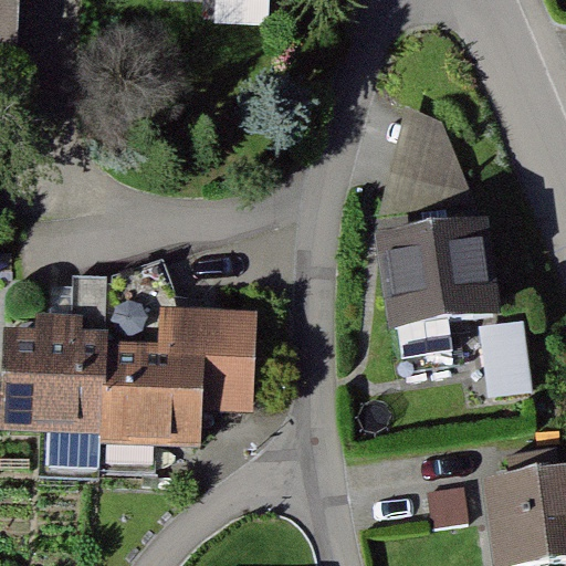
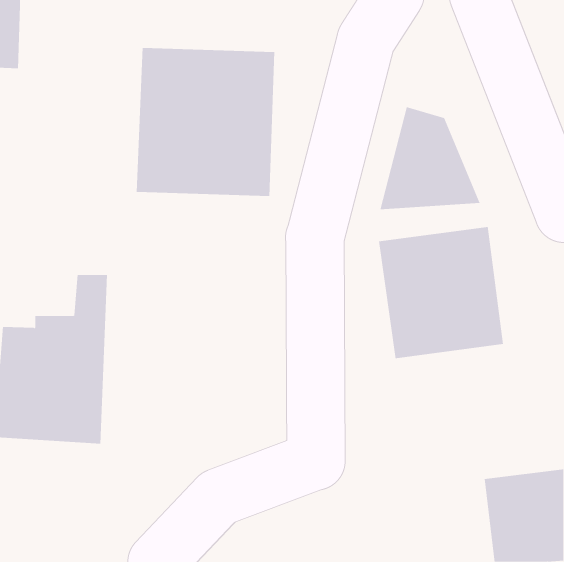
building: none -> [136,47,275,197]
building: [101,253,260,446] -> none

